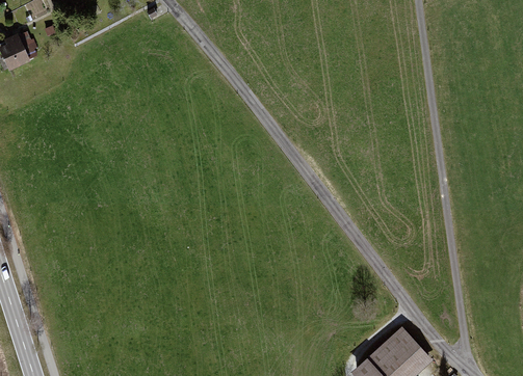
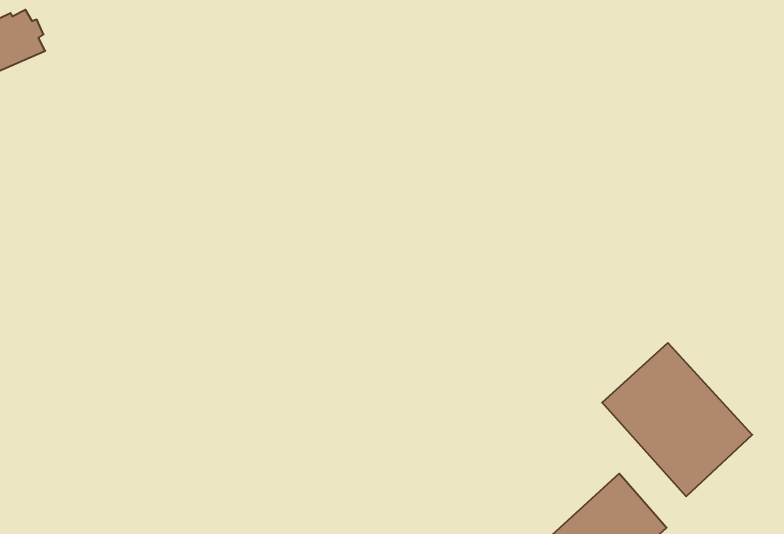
building: none -> [602,343,752,496]

